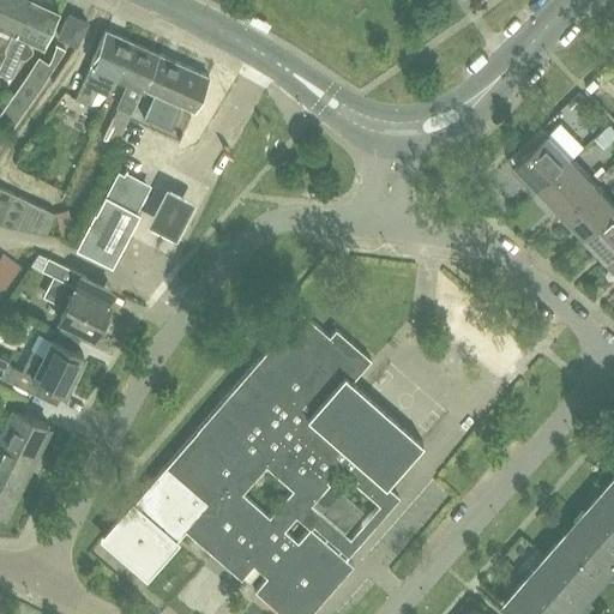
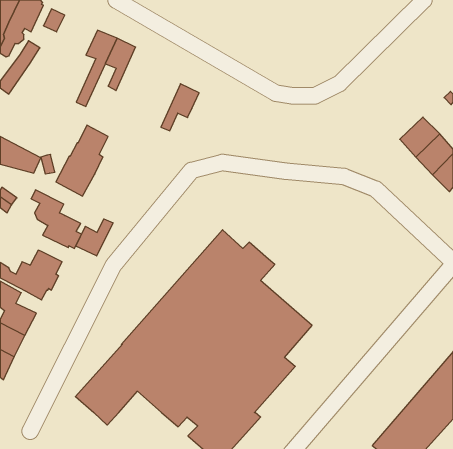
building: [76,35,132,109] -> none
building: [157,70,209,133] -> [161,84,199,131]
building: [512,139,572,194] -> none
building: [149,191,195,242] -> none
building: none -> [76,219,113,256]

